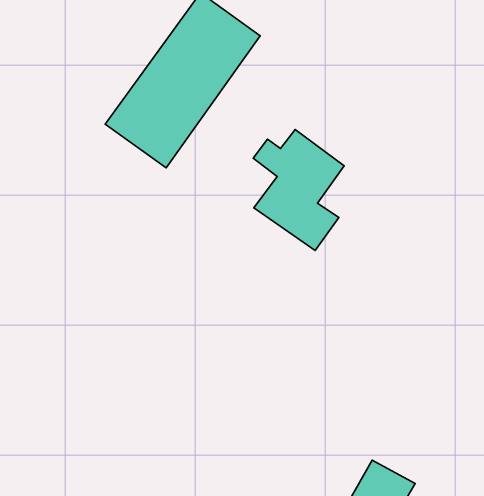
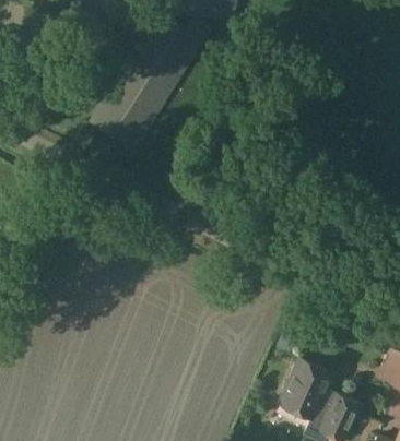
building: [253,129,344,250] -> none

